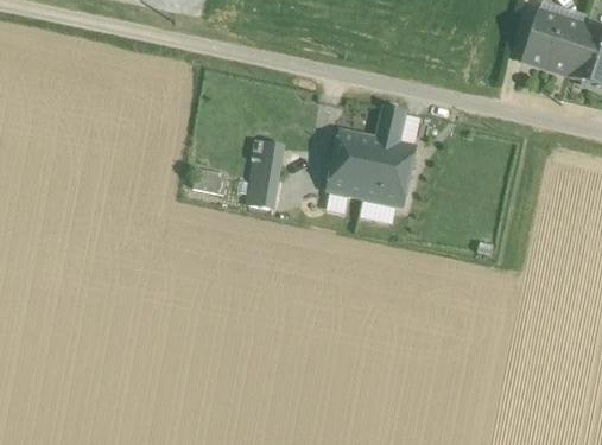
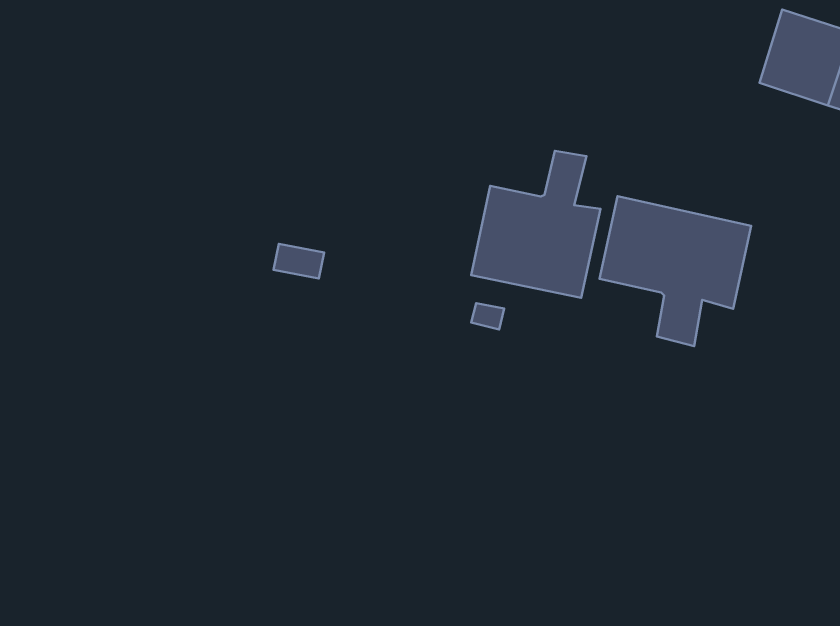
building: none -> [600,196,751,346]
building: [248,139,284,208] -> none

